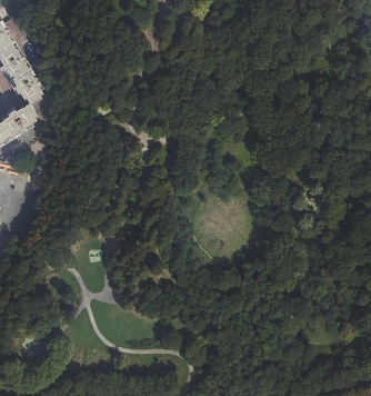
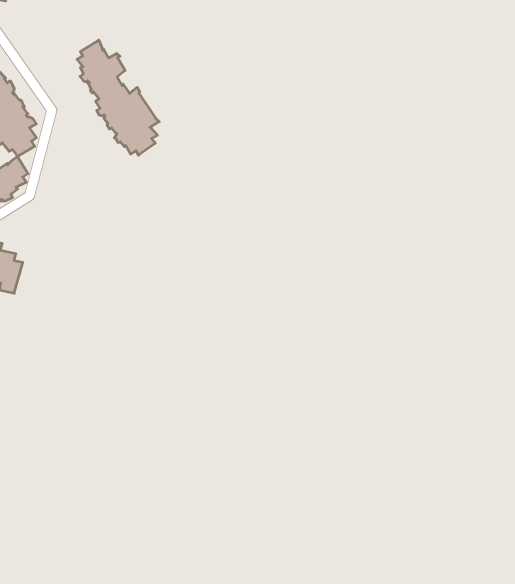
building: none -> [77,40,159,155]

